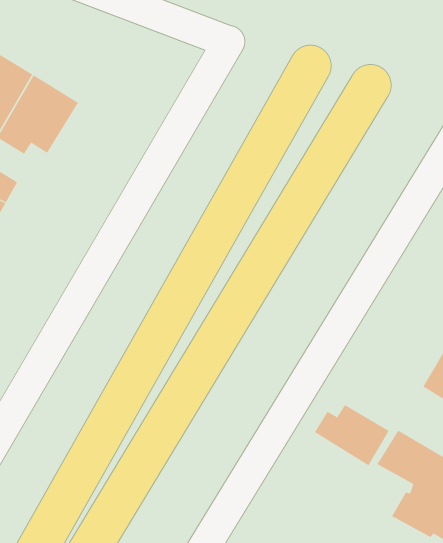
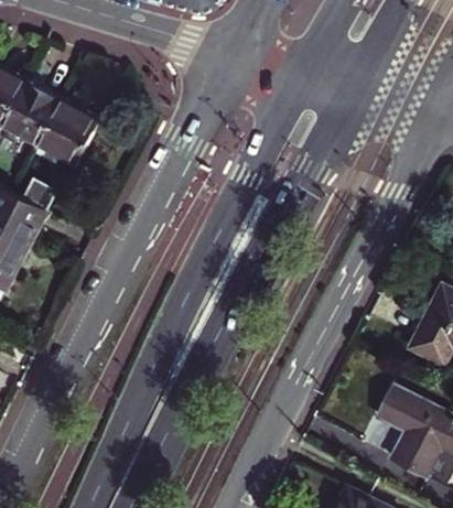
building: [314,404,389,466] -> none

